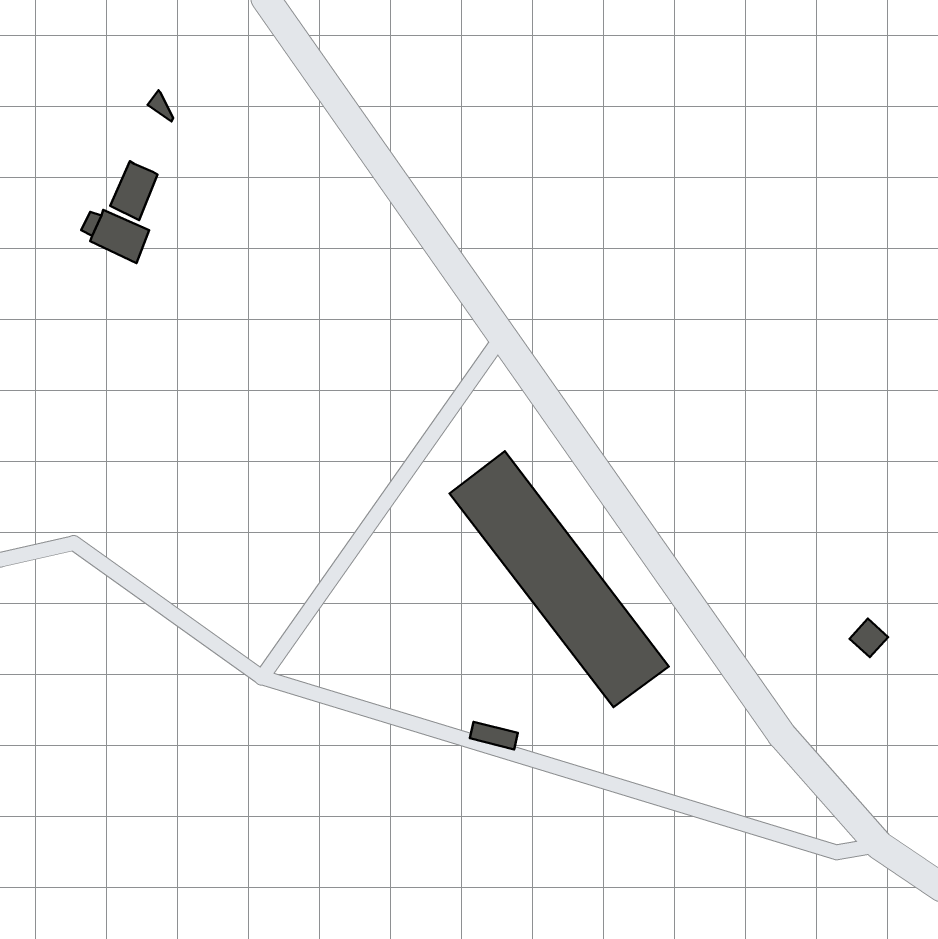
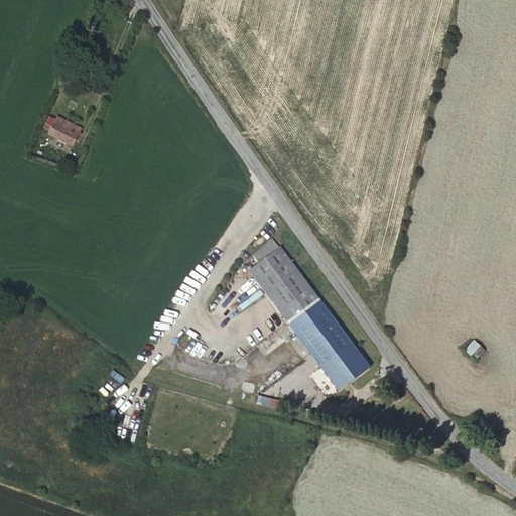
building: [110,161,158,220] -> none

